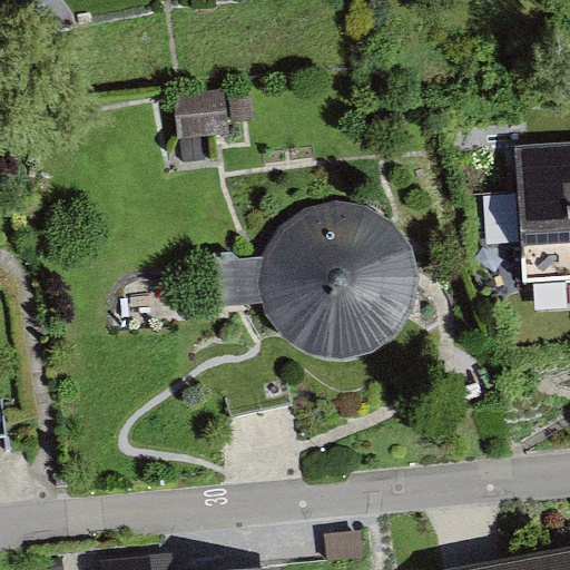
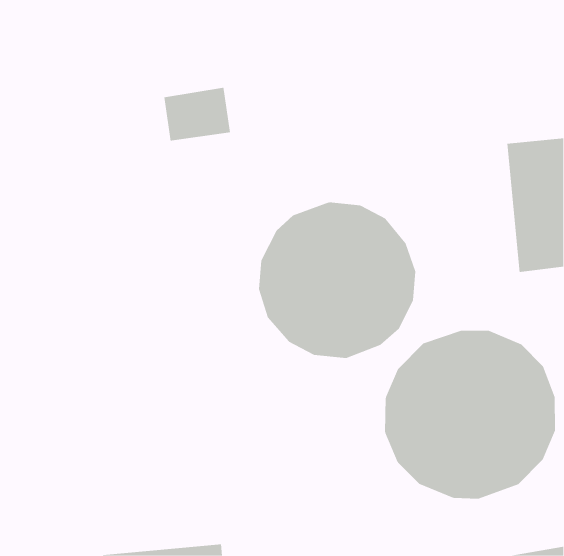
building: none -> [385,330,556,500]

